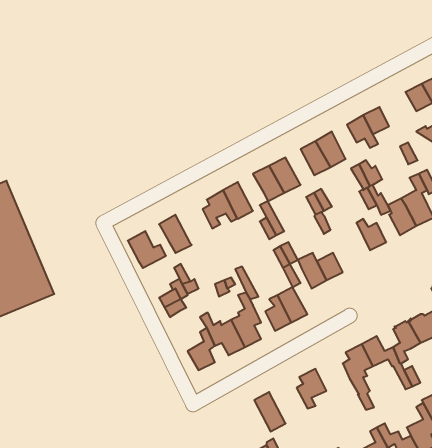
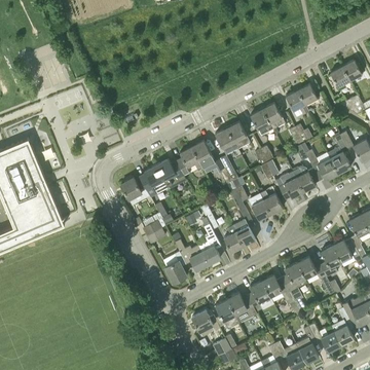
building: none -> [156,159,184,187]
building: none -> [275,172,303,199]
building: none -> [262,275,300,316]
building: none -> [227,294,257,323]
building: none -> [192,310,220,337]

